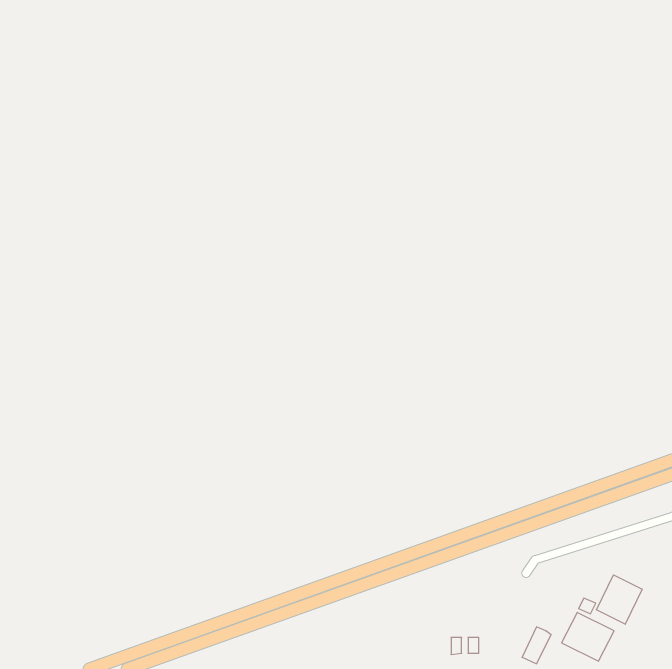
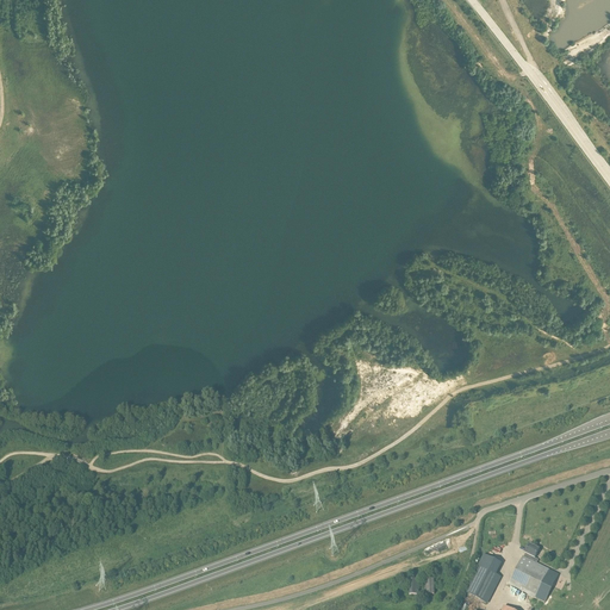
building: [597,575,642,624] -> none

